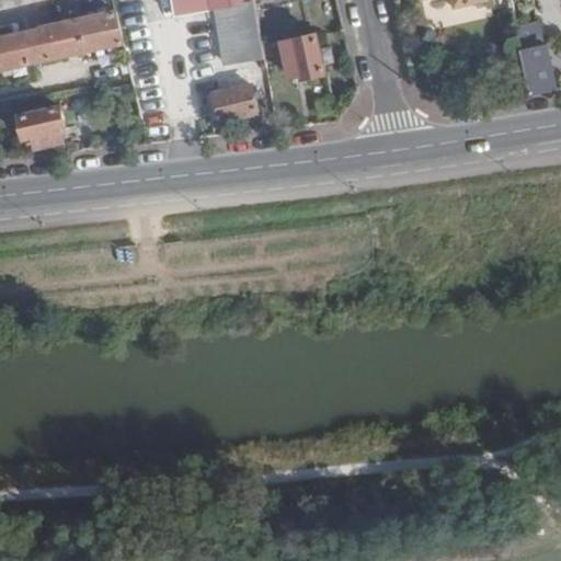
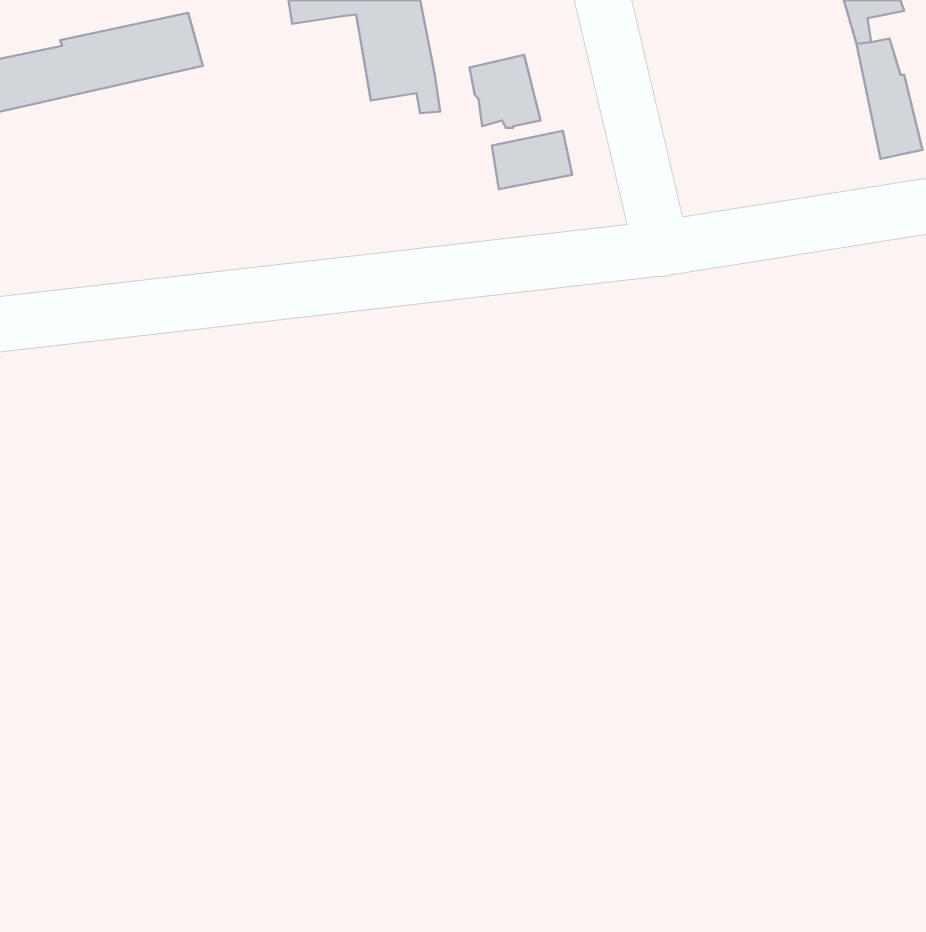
building: [207,85,255,121] -> [492,131,572,189]
building: [19,107,62,147] -> none

